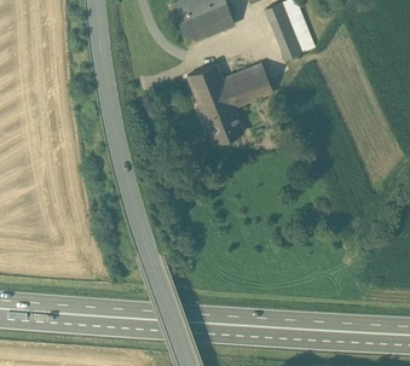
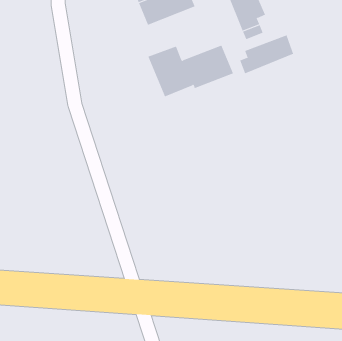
building: none -> [239,34,294,74]
building: [203,104,243,144] -> none

